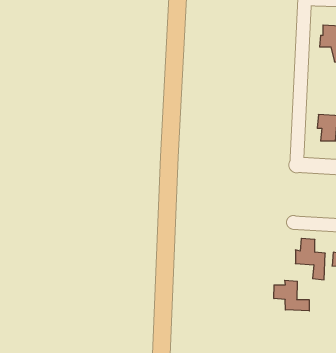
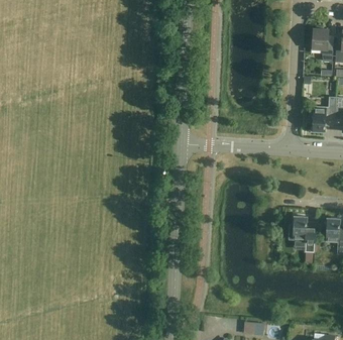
building: [274,280,309,311] -> none

